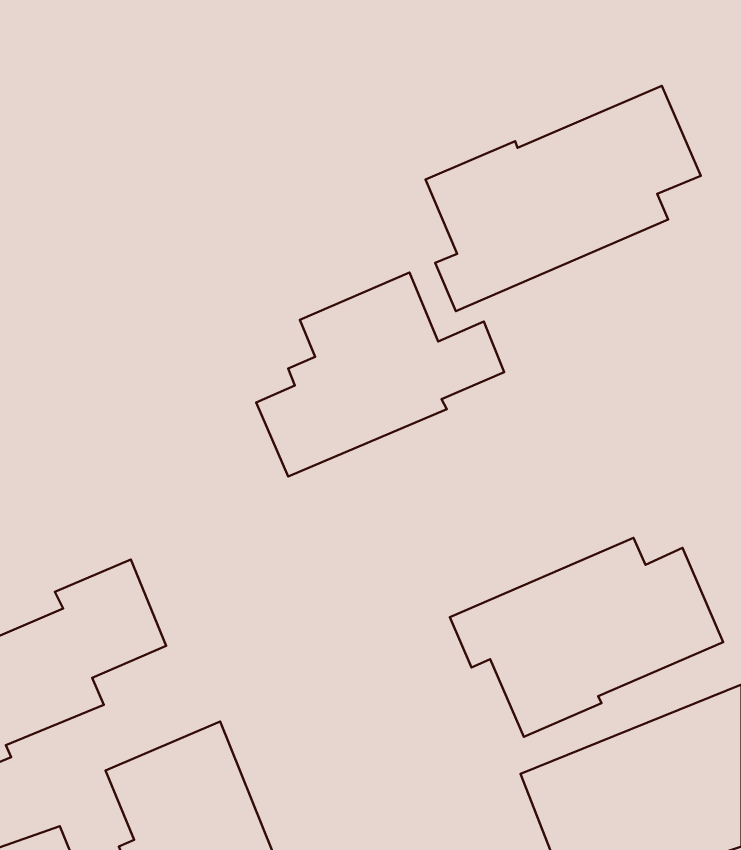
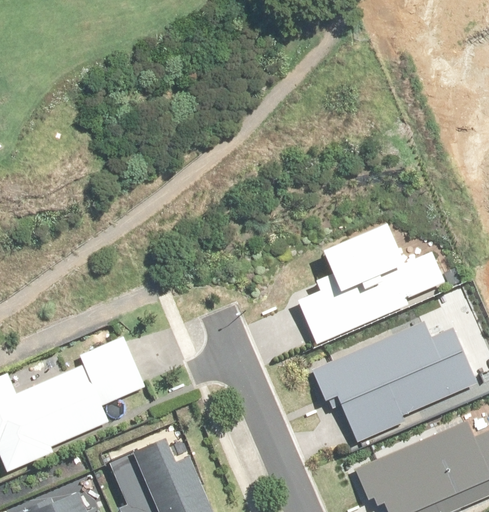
building: [425,86,701,311] -> none
building: [256,272,504,477] -> [297,224,444,345]

